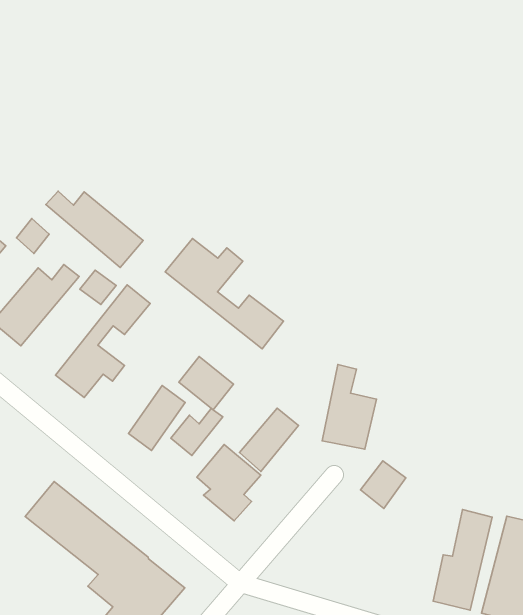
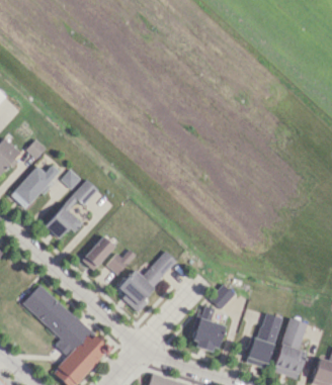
building: [46,191,143,267] -> none
building: [165,239,284,349] -> none
building: [179,356,233,410] -> none
building: [322,365,376,449] -> [192,305,224,353]

